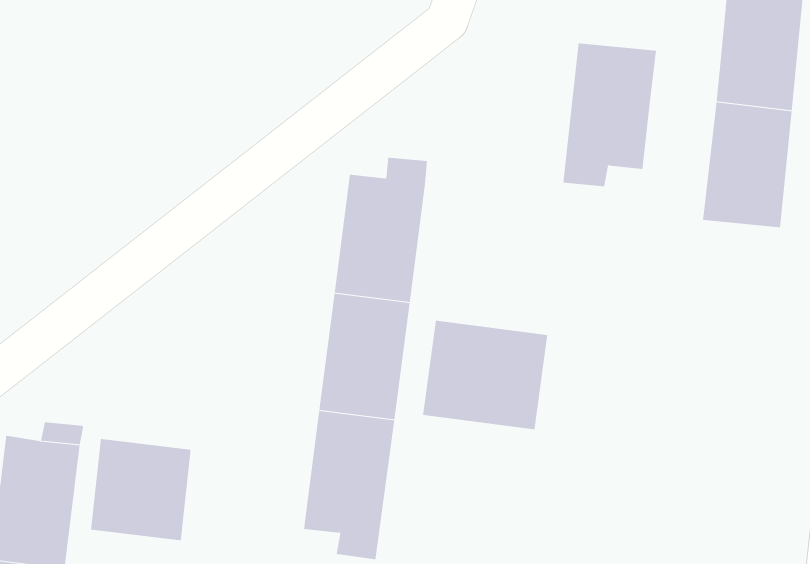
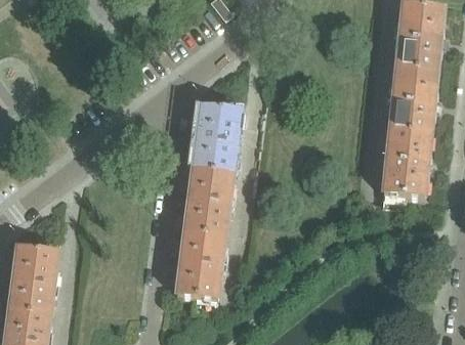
building: [563,43,657,187] -> [381,127,431,204]
building: [423,320,548,430] -> none
building: [91,438,191,541] -> none

